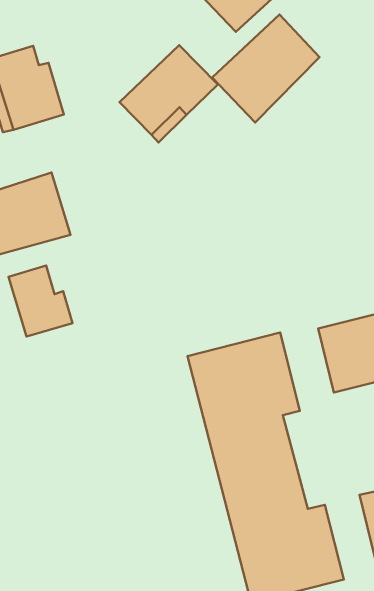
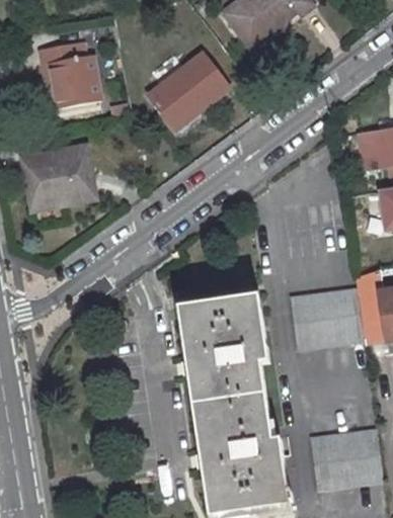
building: [212,14,320,122] -> none
building: [8,266,72,336] -> none

